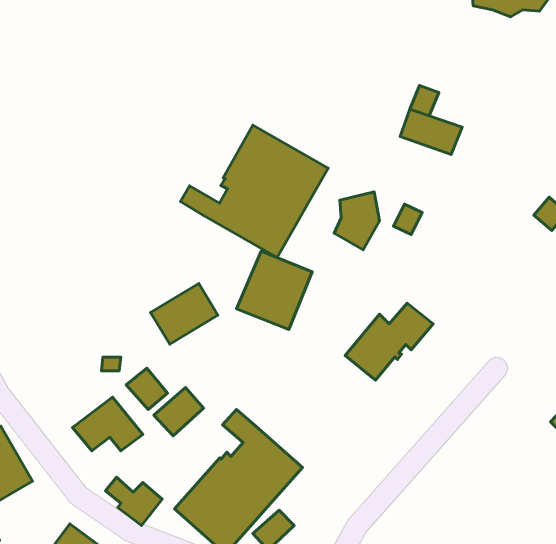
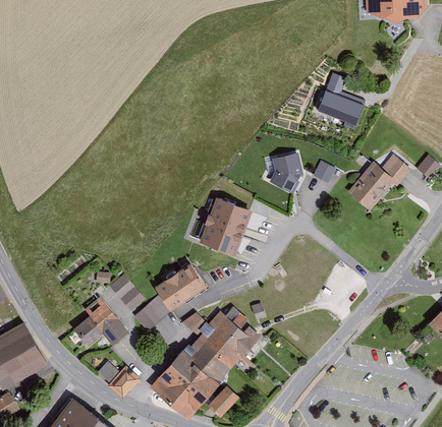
building: [181,125,328,258] -> none
building: [150,284,218,344] -> [157,263,207,308]
building: [345,303,433,380] -> [346,155,411,211]
building: none -> [208,306,261,355]

